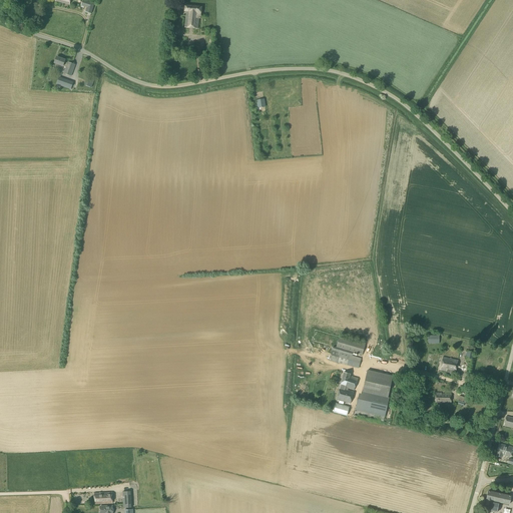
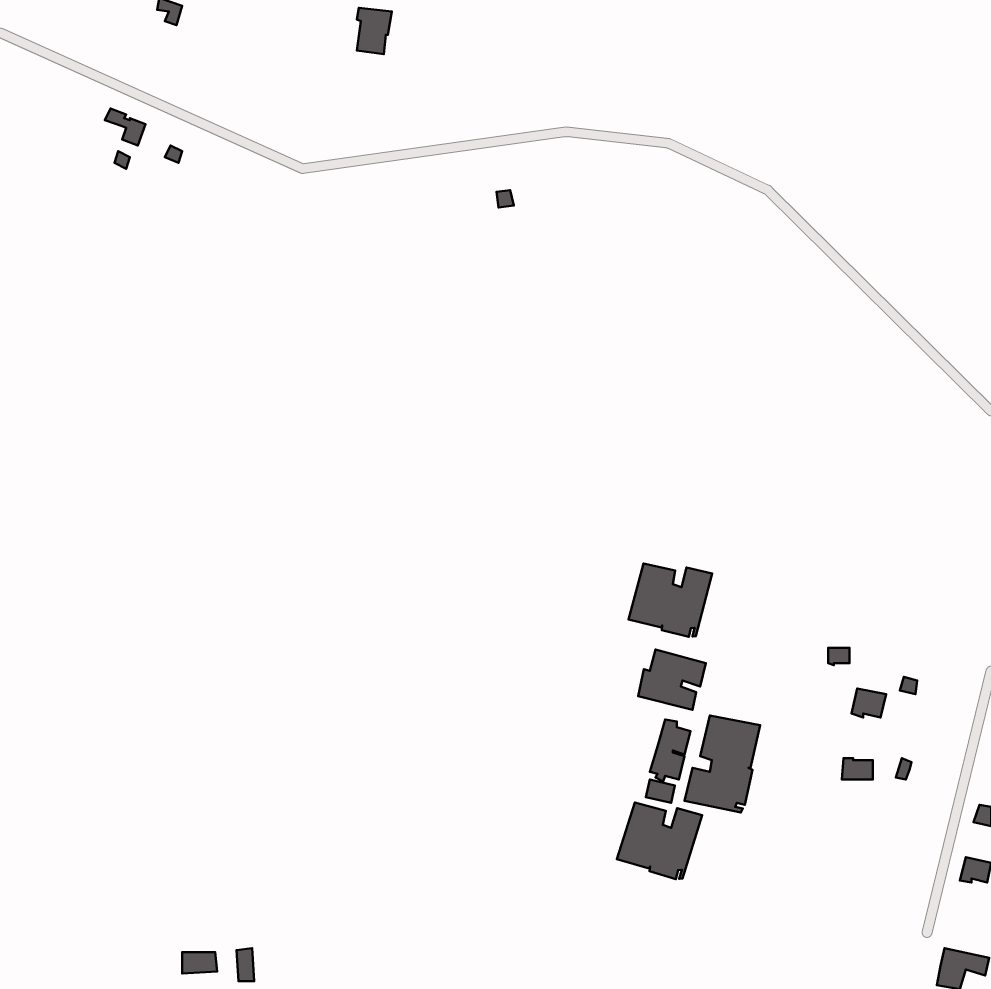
building: none -> [628,563,712,637]
building: none -> [617,802,702,879]

